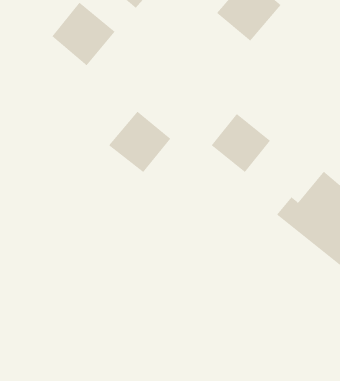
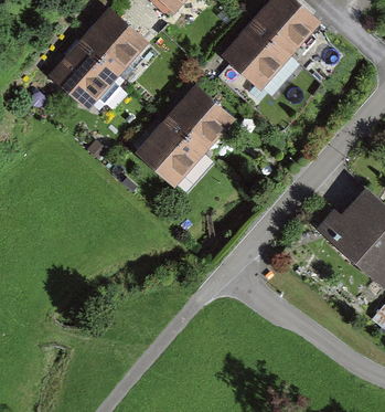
building: none -> [222,21,287,86]
building: none -> [52,45,118,110]
building: [211,113,271,173] -> [170,89,232,151]

